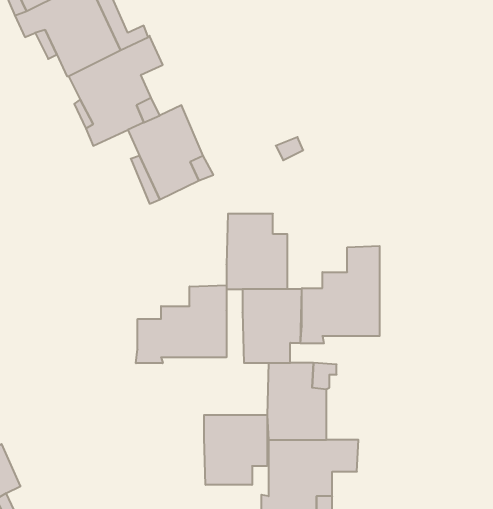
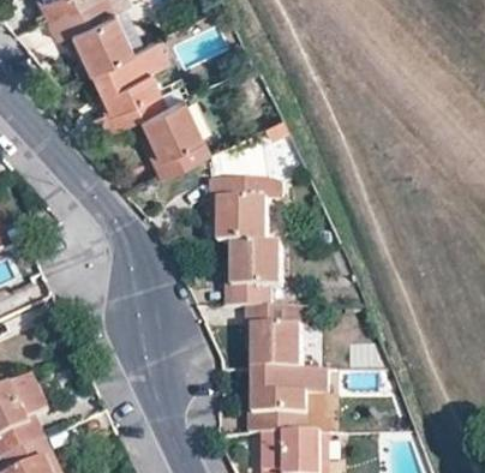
building: [300,246,380,343] -> none
building: [136,285,226,363] -> none
building: [204,415,267,485] -> none

